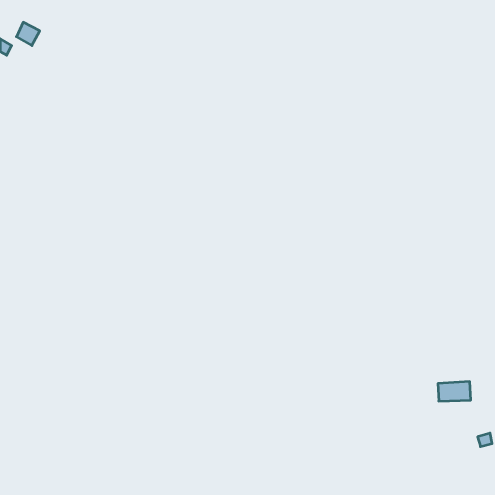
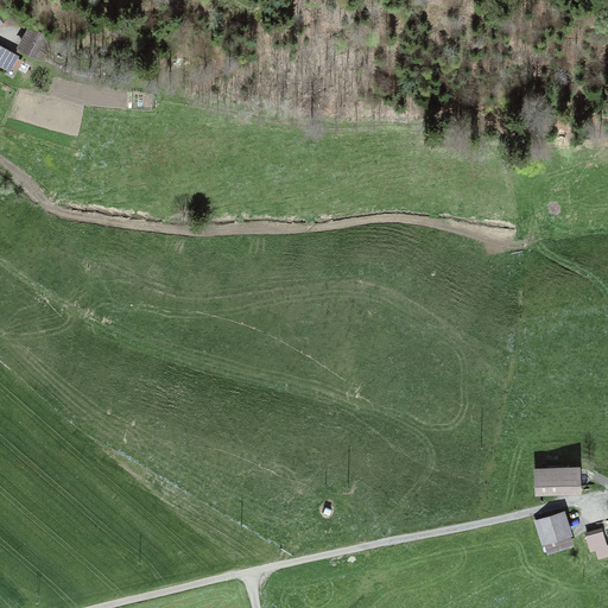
building: none -> [536,513,570,551]

